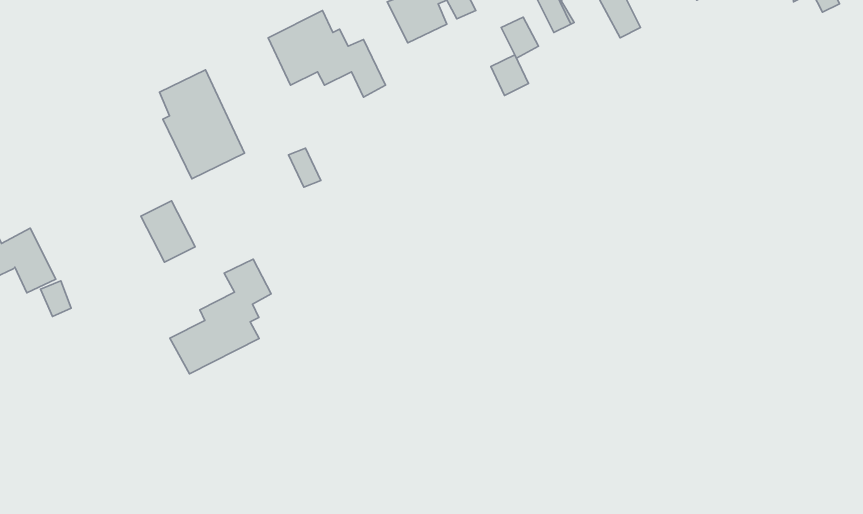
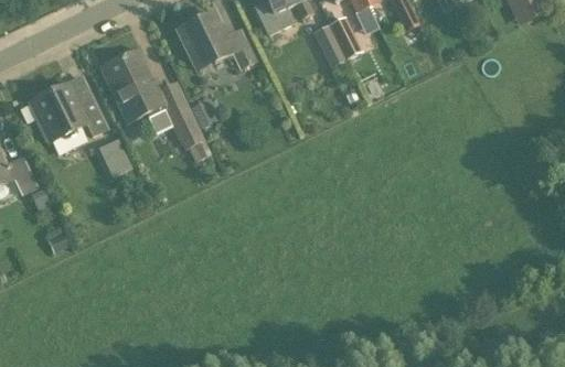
building: none -> [31,83,105,140]
building: none -> [166,100,204,147]
building: [170,259,271,374] -> none

